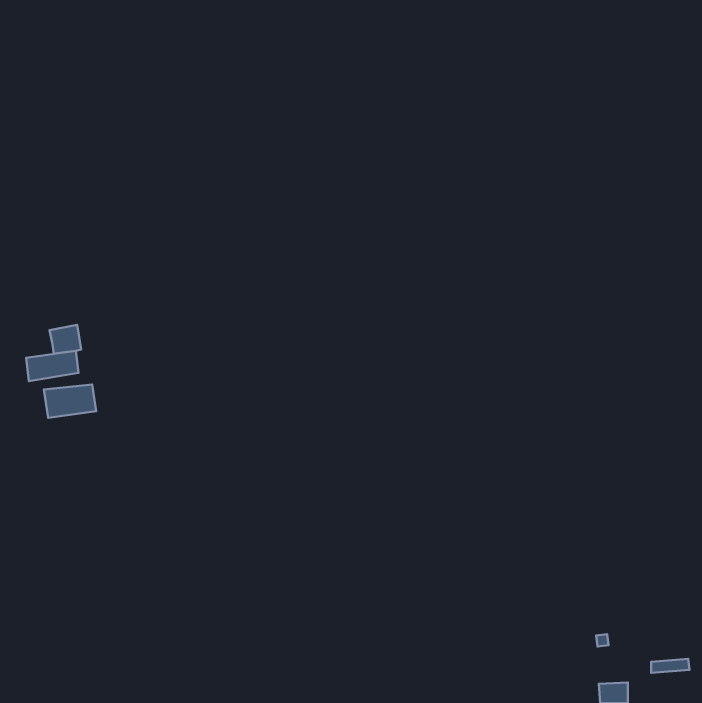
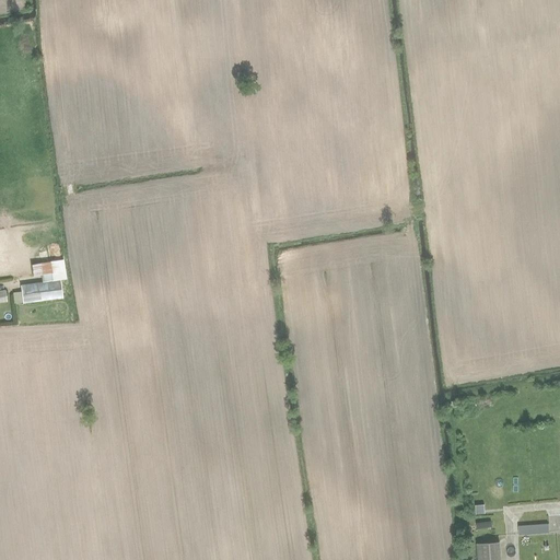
building: [44,385,96,418] -> none

